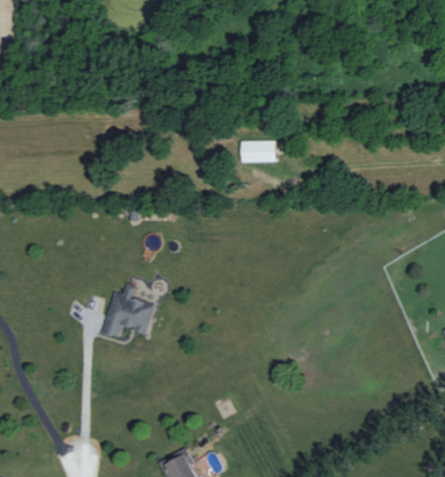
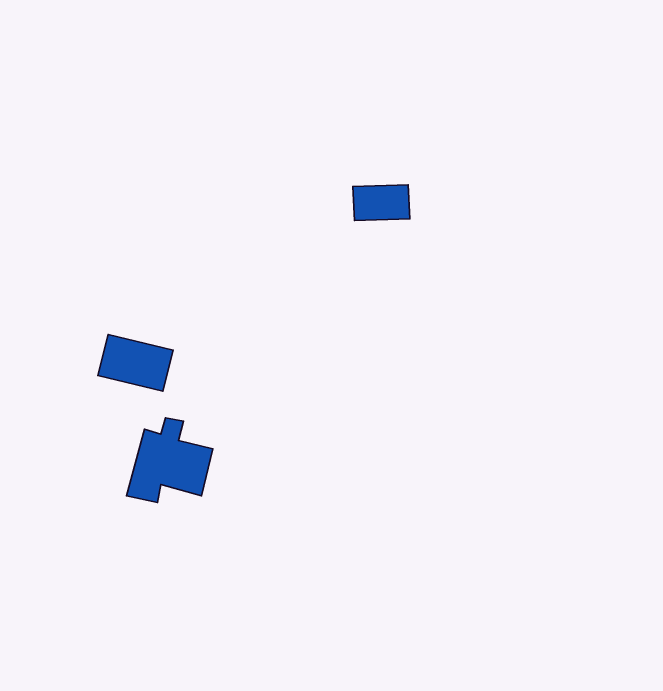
building: none -> [98,335,173,391]

